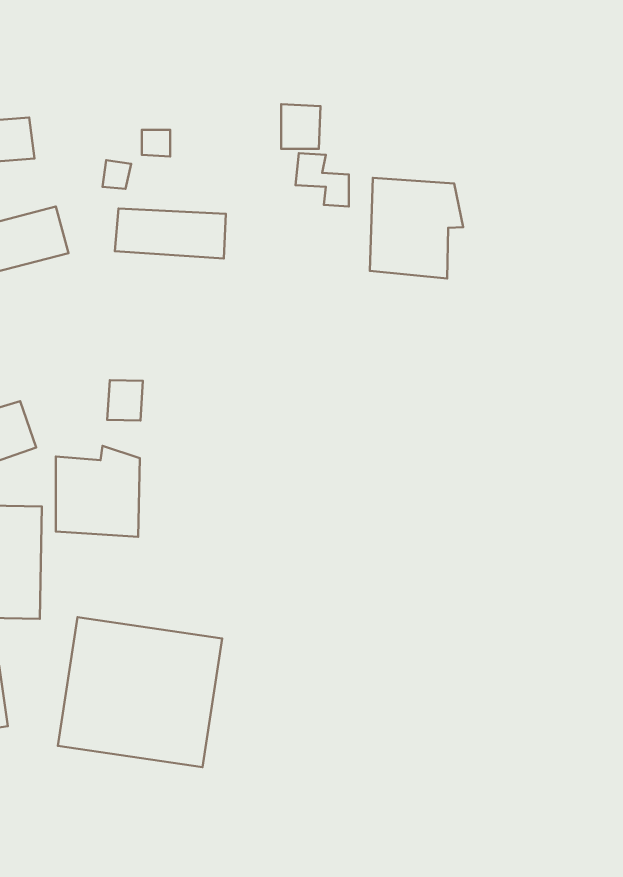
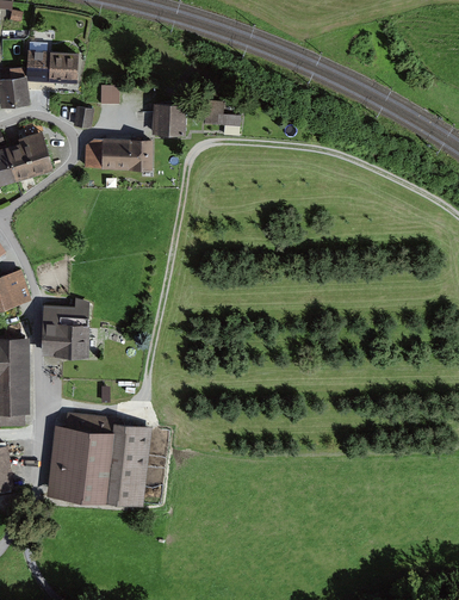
building: none -> [29,52,79,86]
building: [281,104,321,149] -> [150,106,176,136]
building: [370,178,463,278] -> none
building: [107,380,143,421] -> none

